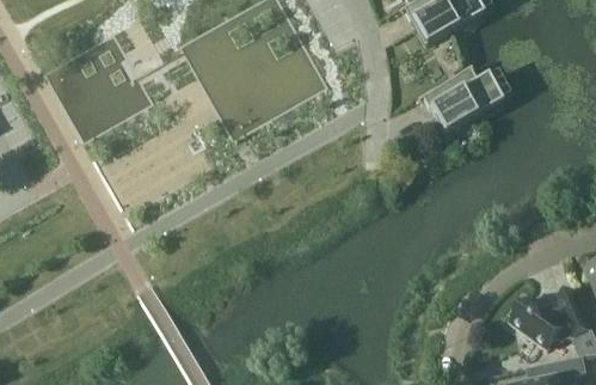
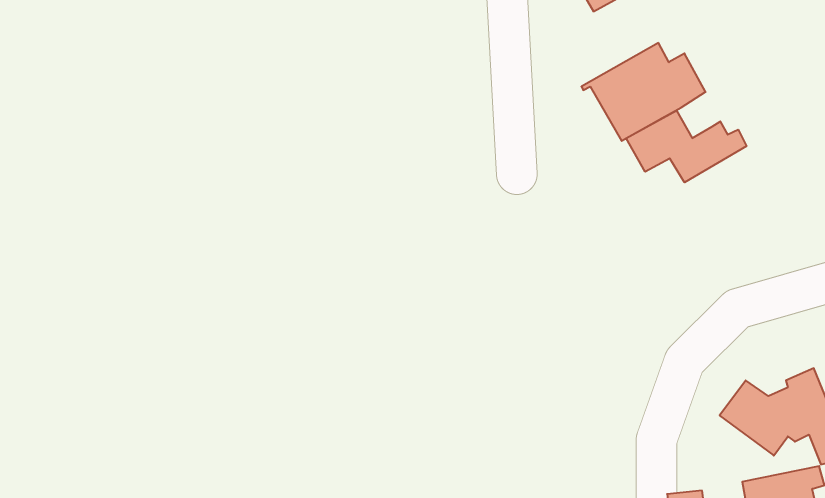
building: none -> [626,110,746,182]

